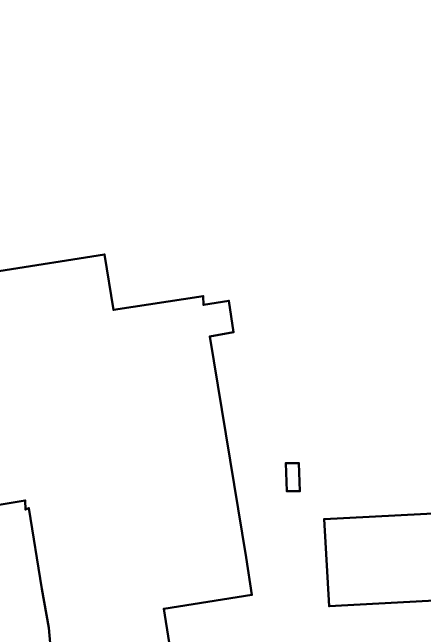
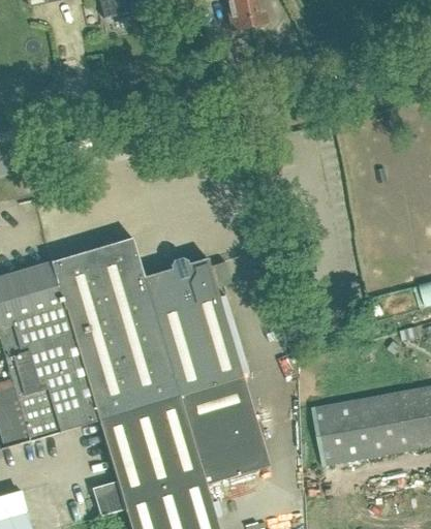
building: none -> [98,480,127,514]

